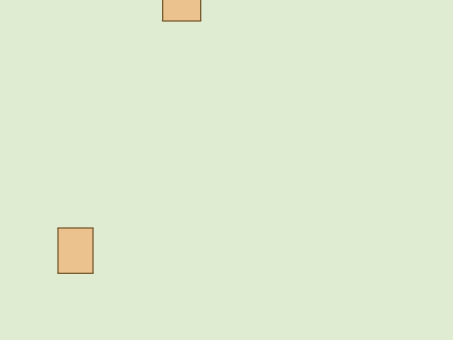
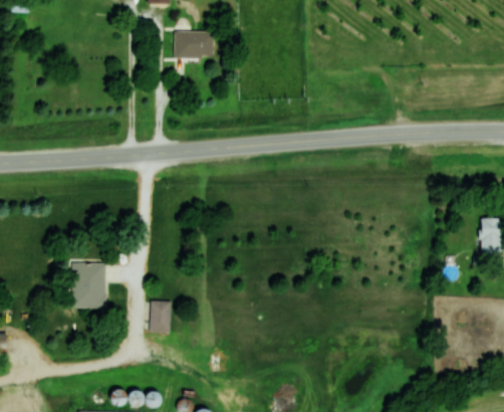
building: none -> [150,299,171,331]

